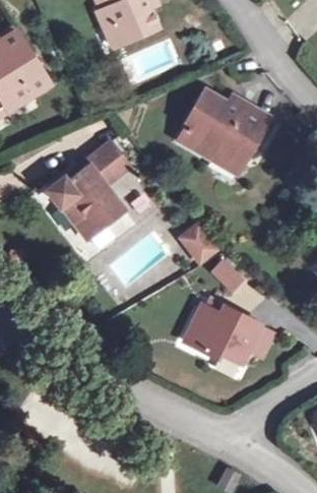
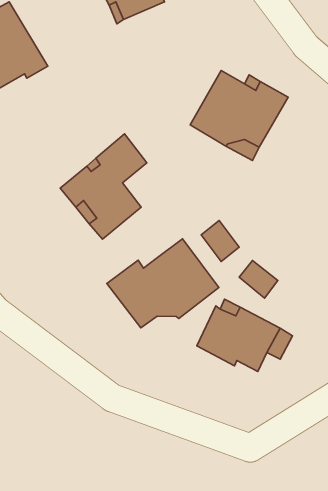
building: none -> [107,239,219,328]

